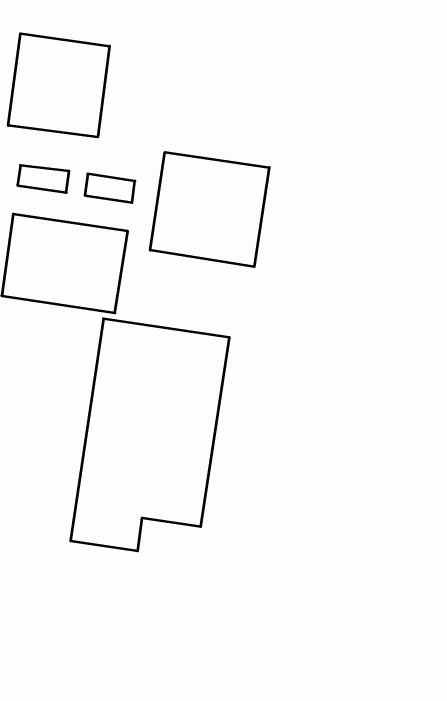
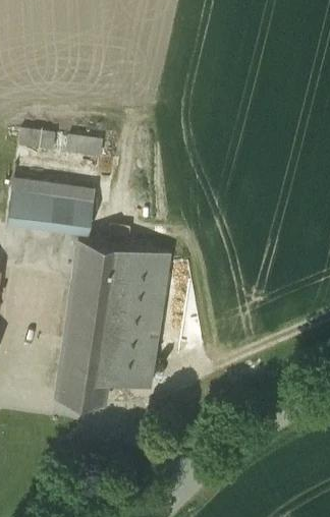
building: [8,34,110,137] -> none
building: [150,152,269,267] -> none

